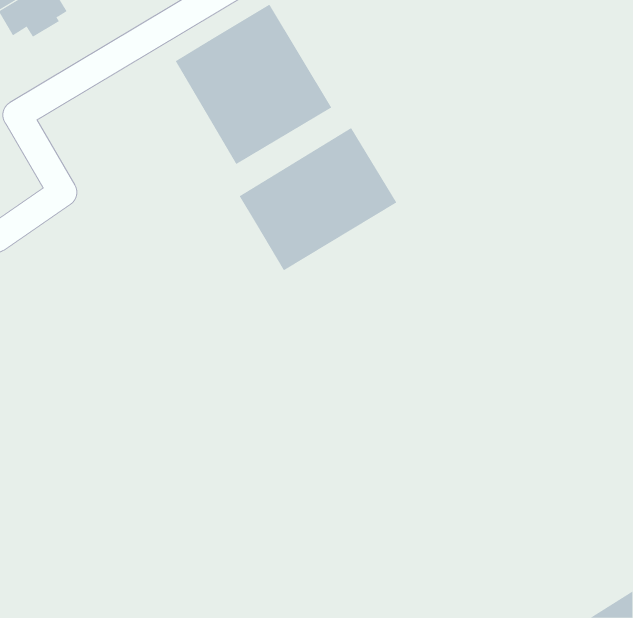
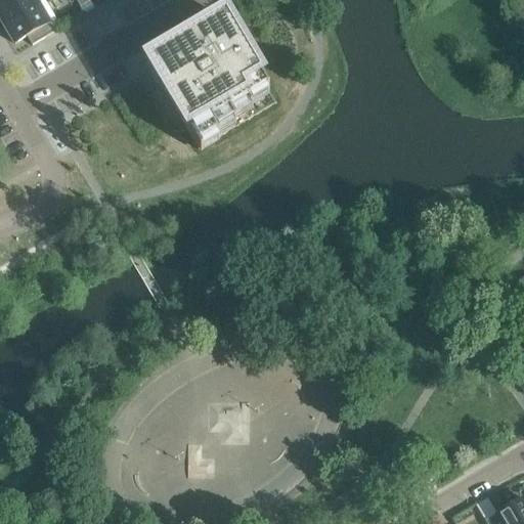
building: [239,127,397,271] -> none

